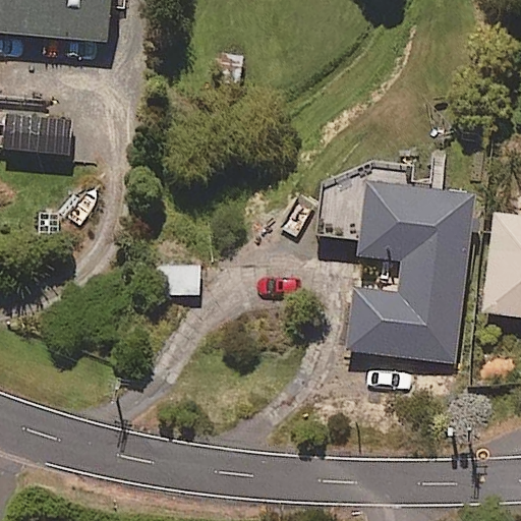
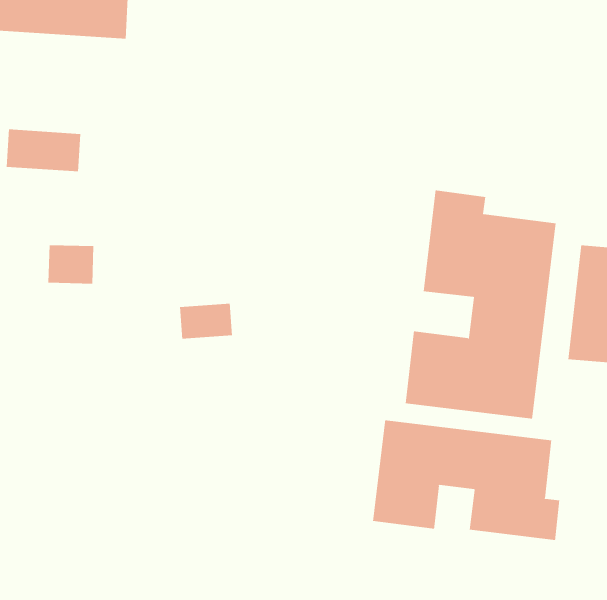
building: none -> [372,420,560,541]

